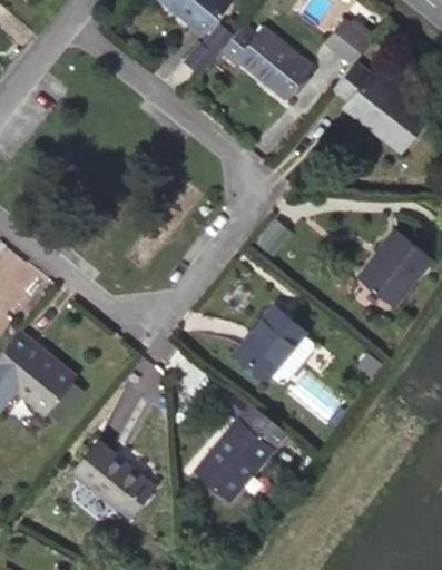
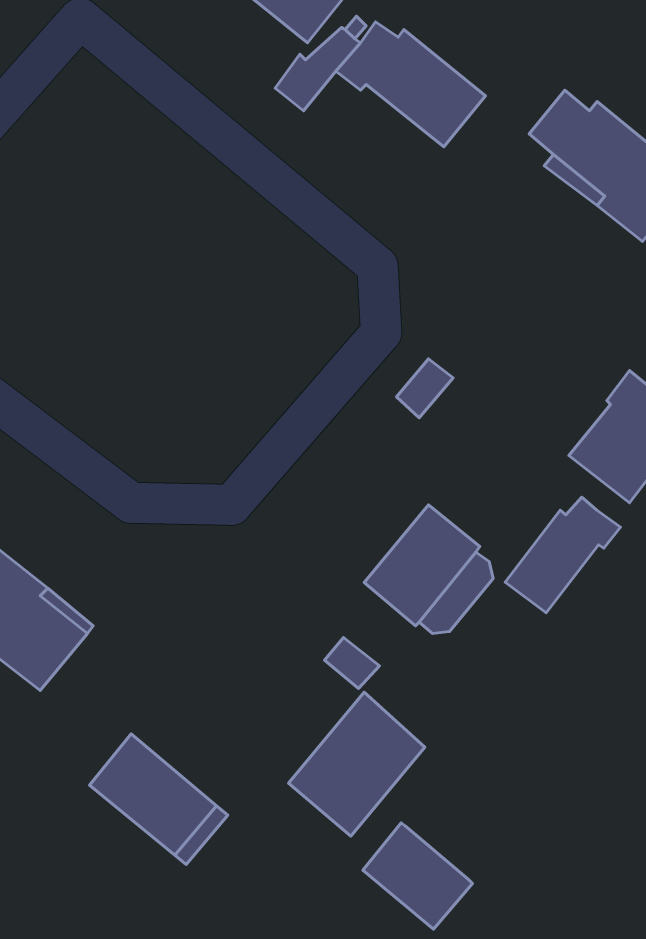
building: [323,18,370,65] -> none
building: none -> [505,497,621,613]
building: [236,402,286,450] -> none
building: none -> [363,823,472,929]

